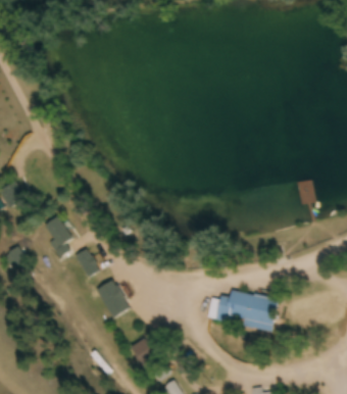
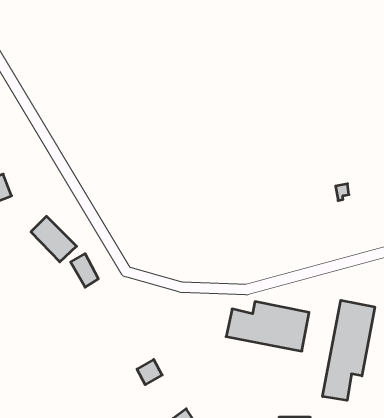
building: [97,280,130,317] -> none
building: none -> [323,300,375,400]

